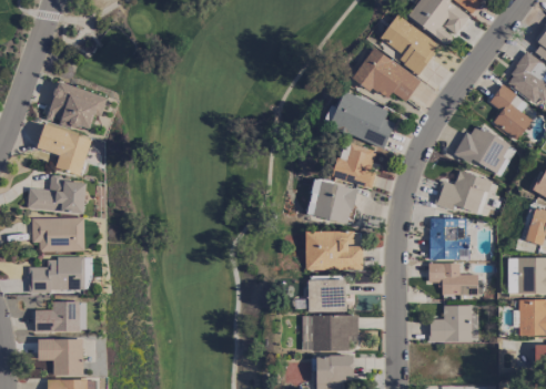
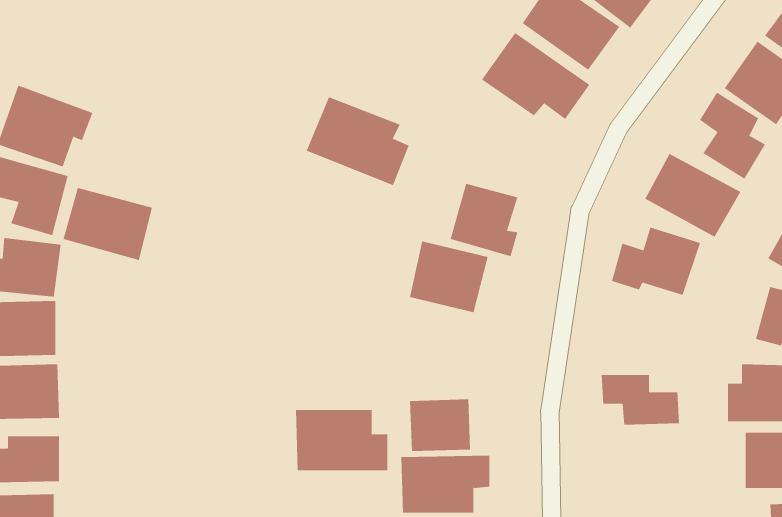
building: [330,91,395,147] -> [306,96,409,186]
building: none -> [63,187,153,261]
building: [429,217,469,258] -> none
building: [305,231,364,269] -> [295,409,388,471]
building: [429,305,472,341] -> none

